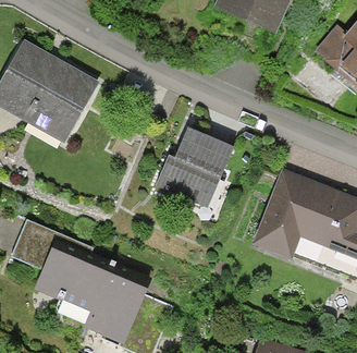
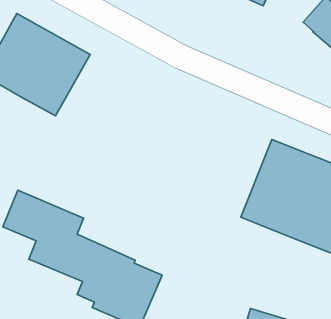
building: [153,127,233,207] -> none

